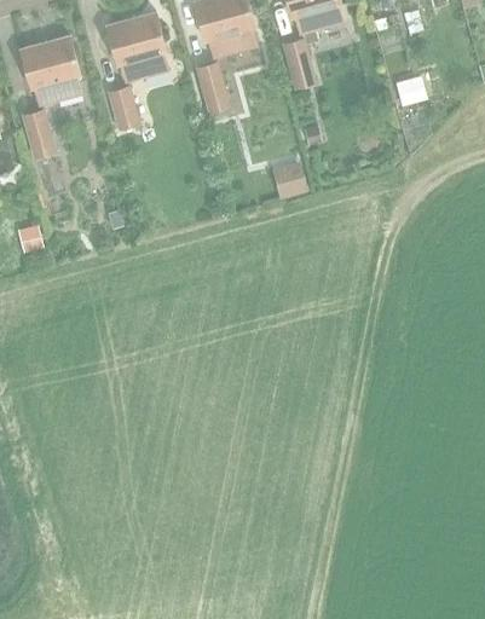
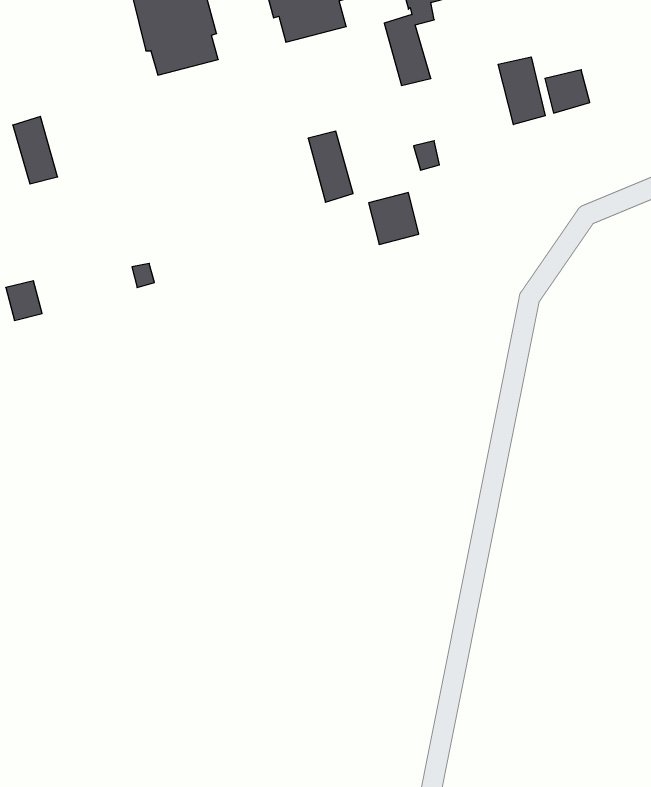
building: [21,36,82,106] -> none
building: [197,63,229,112] -> [308,131,353,202]
building: none -> [498,57,545,125]
building: [109,87,139,129] -> none

